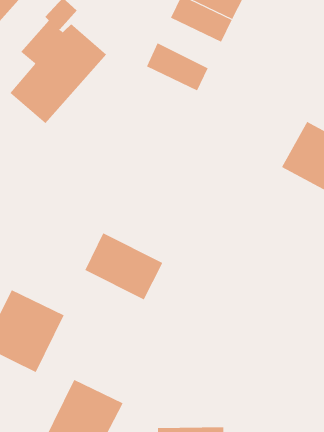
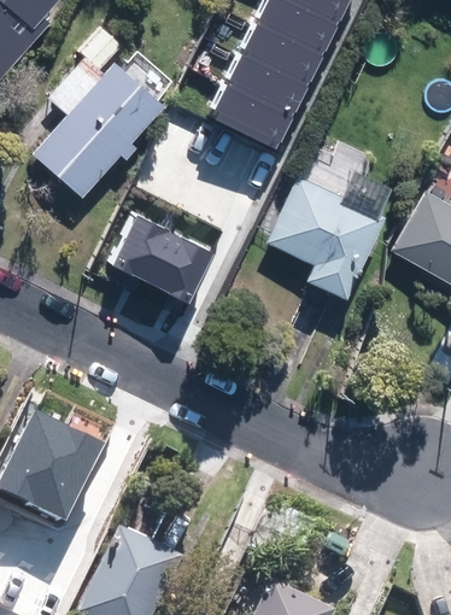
building: none -> [226,53,310,119]
building: none -> [265,175,385,299]
building: [84,233,163,300] -> [113,217,217,306]

